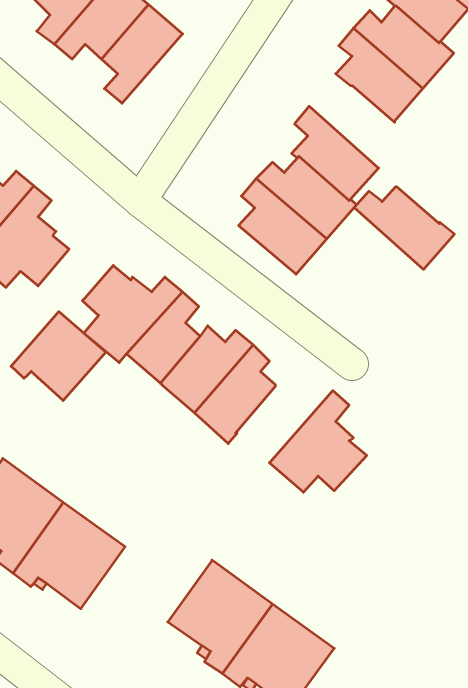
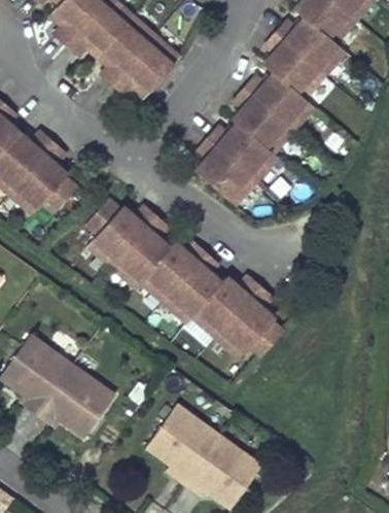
building: none -> [113,36,179,95]
building: [354,187,454,269] -> [244,72,314,130]
building: [11,312,106,401] -> none
building: none -> [192,274,260,336]

